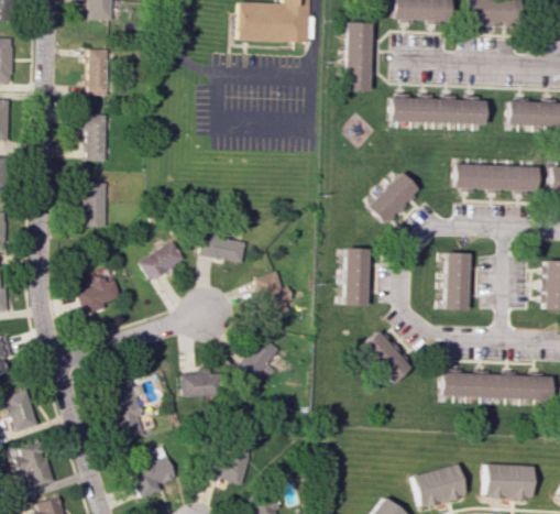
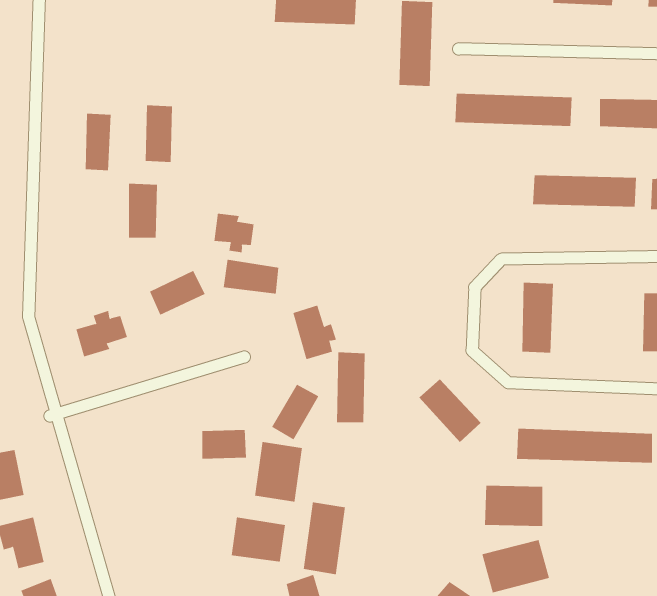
building: [88,48,111,96] -> [145,105,173,163]
building: [366,172,419,223] -> none
building: [83,182,107,227] -> [128,183,158,238]
building: none -> [214,213,254,253]
building: [343,248,367,306] -> [336,352,366,423]
building: [108,381,147,441] -> none
building: none -> [254,441,302,503]
building: none -> [303,501,346,575]
building: [131,448,178,499] -> none
building: [486,464,535,499] -> [484,485,543,527]

